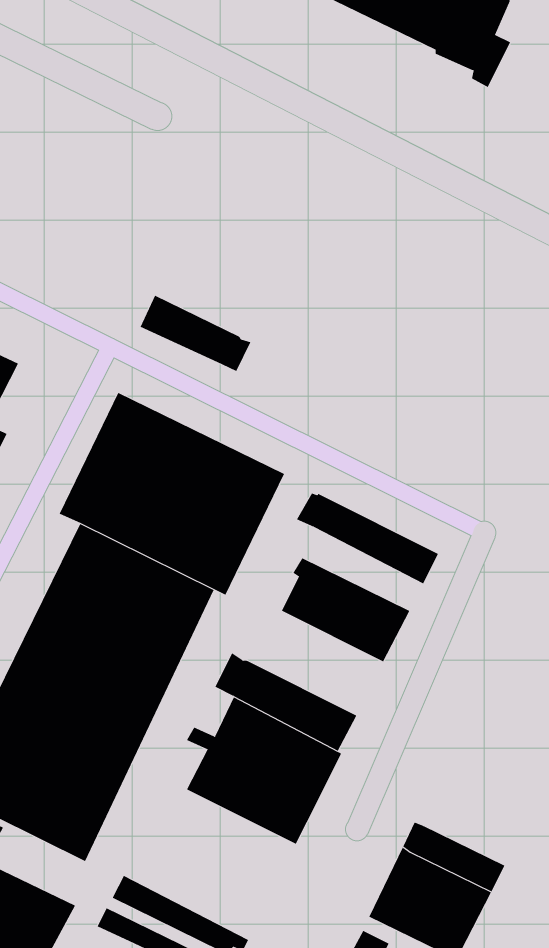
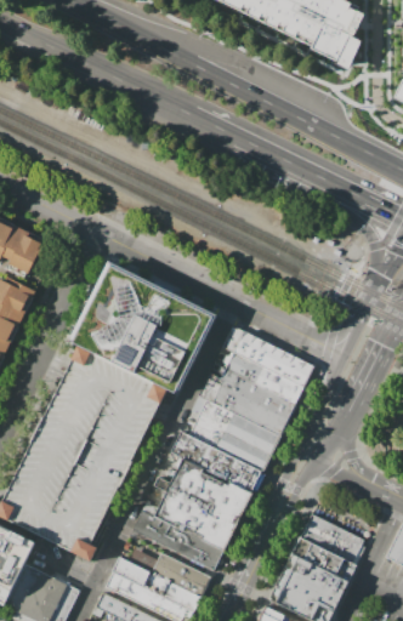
building: [140,295,251,372] -> none
building: none -> [223,349,303,403]
building: none -> [188,399,278,469]
building: none -> [131,511,223,572]
building: none -> [297,513,368,565]
building: none -> [112,552,211,613]

